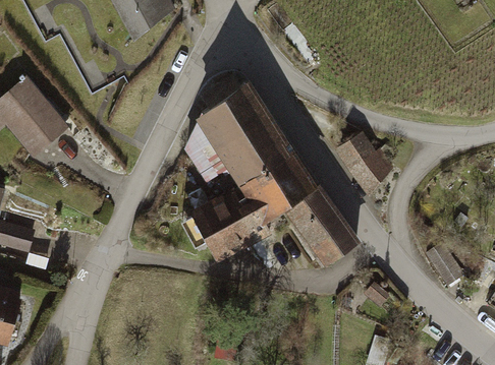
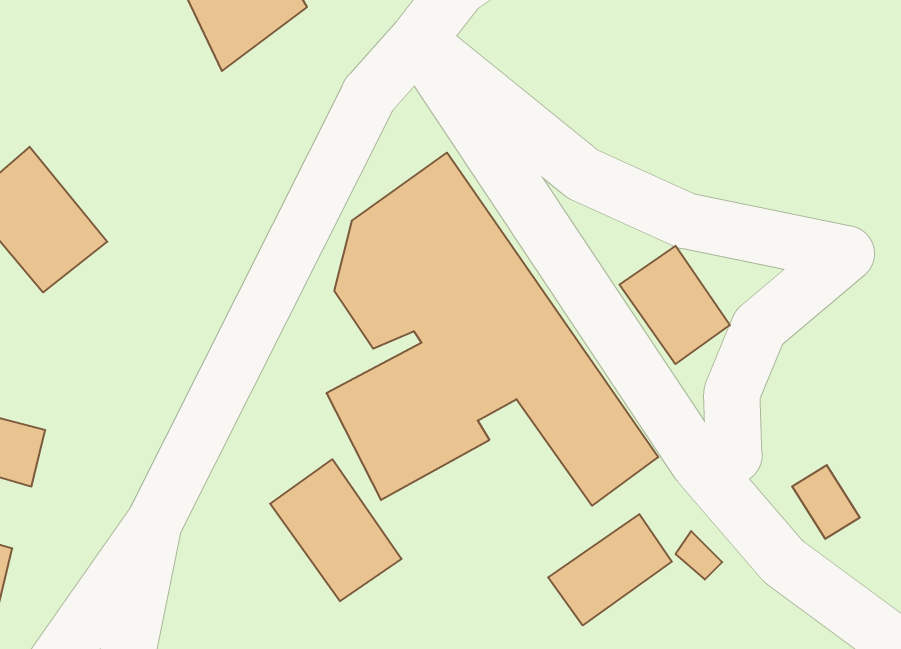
building: none -> [270,459,402,601]
building: none -> [548,514,672,625]

